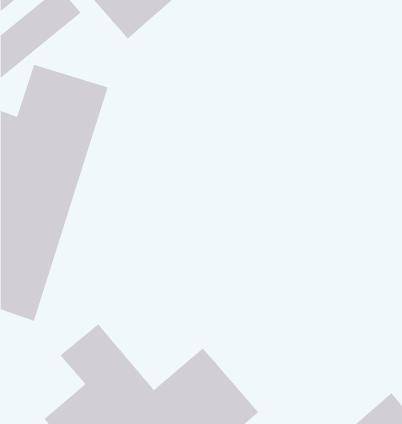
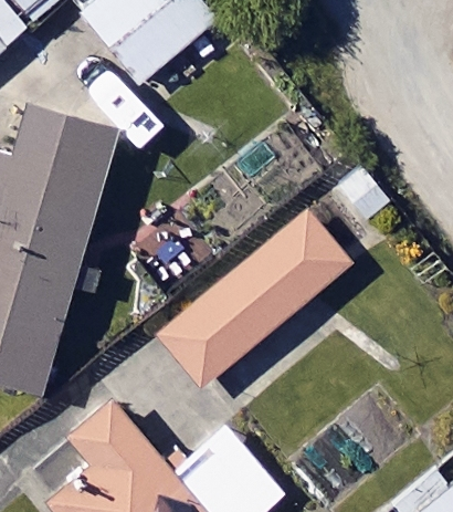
building: none -> [158,209,351,387]

